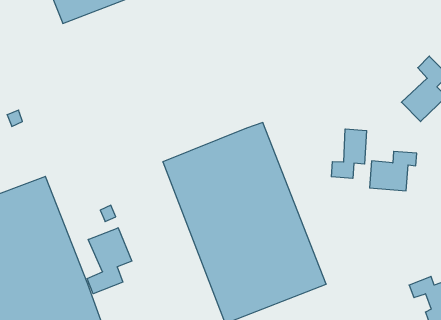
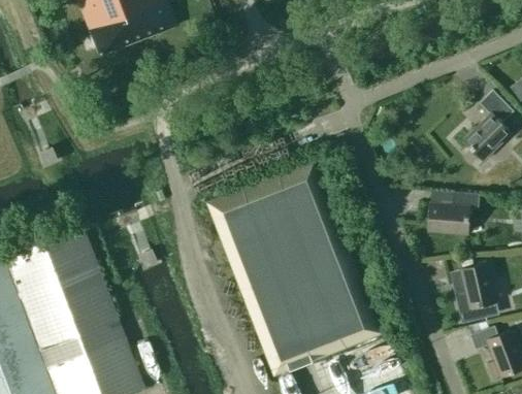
building: [331,129,367,178] -> none
building: none -> [455,263,497,323]
building: [87,228,132,294] -> none

